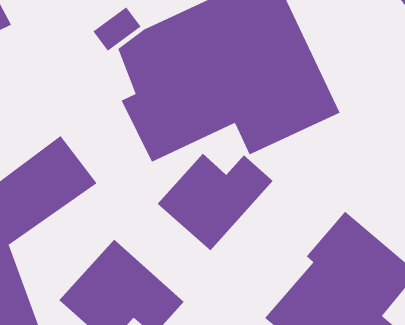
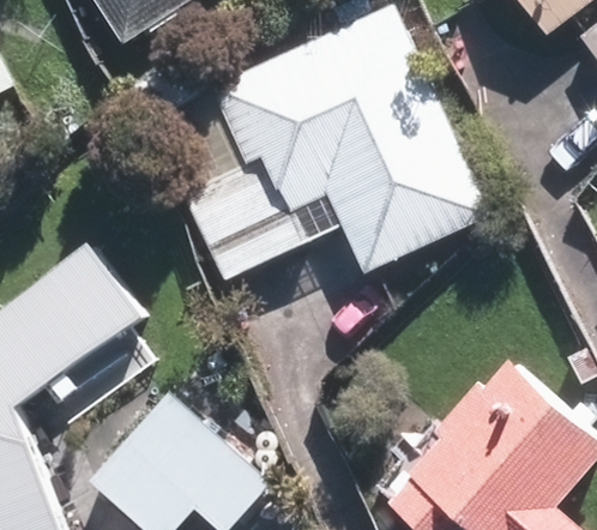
building: [157,153,274,251] -> none

